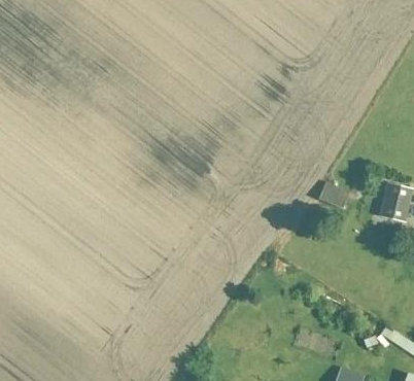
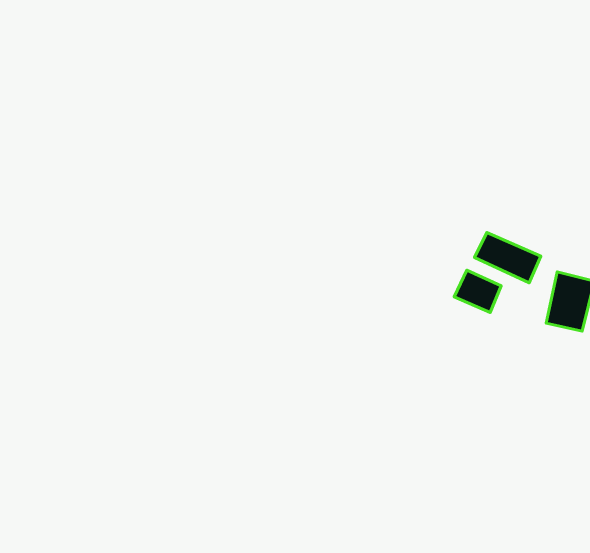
building: none -> [475,233,541,283]

